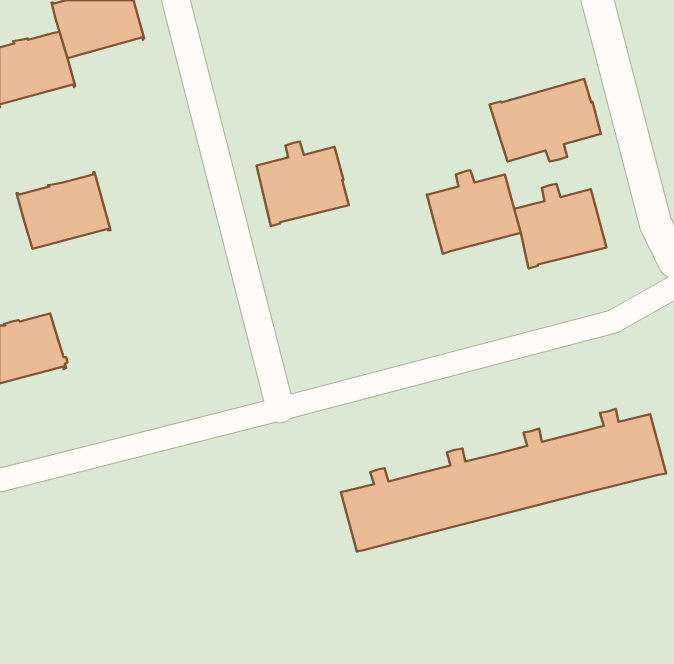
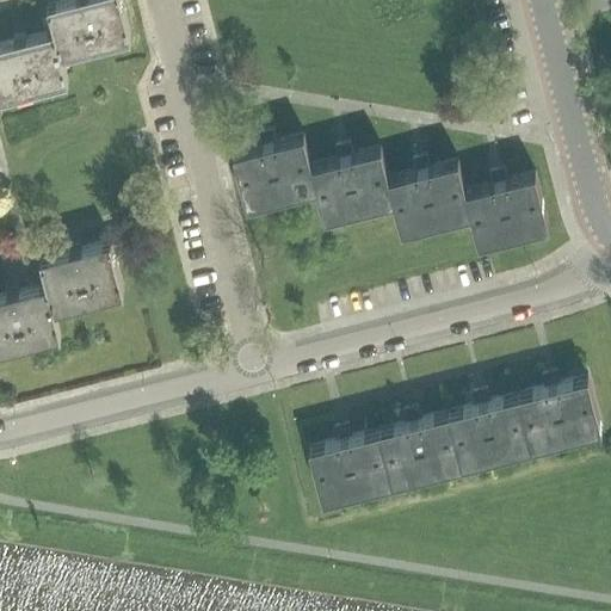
building: [490,79,601,162] -> none
building: none -> [309,150,391,227]
building: [17,172,110,249] -> [38,248,123,317]

